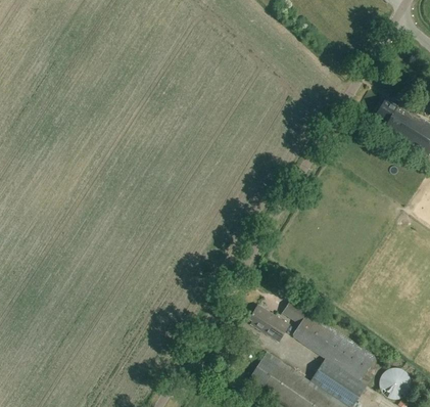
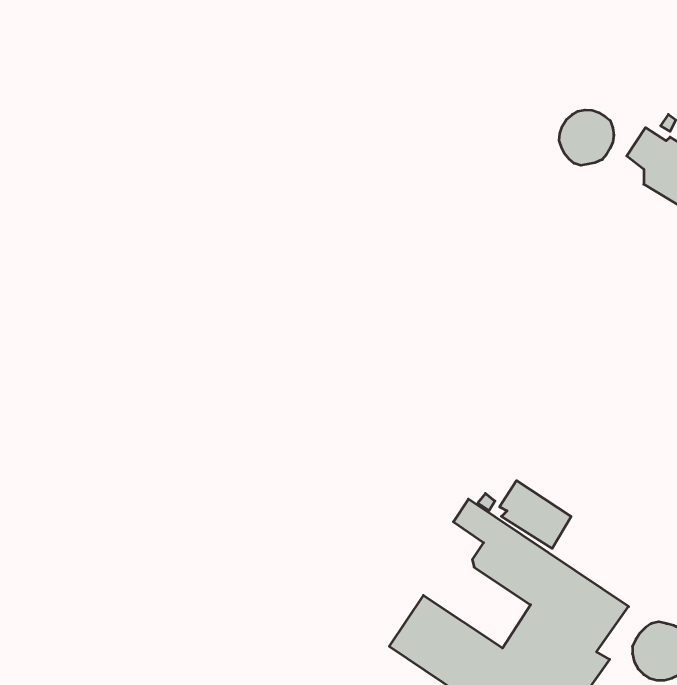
building: none -> [559,110,614,165]
building: [248,305,287,342] -> [500,481,571,548]

